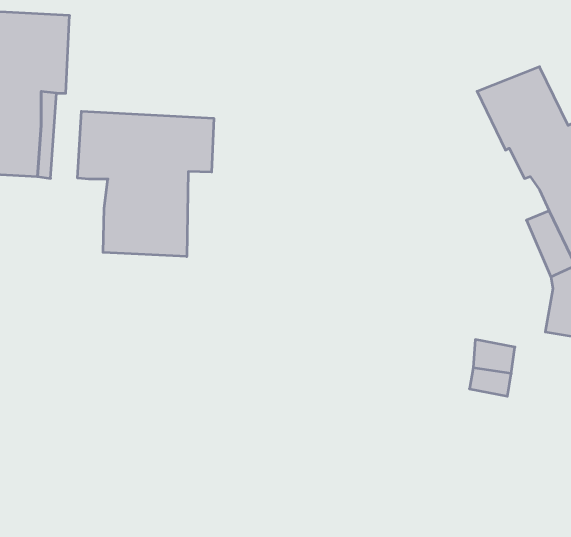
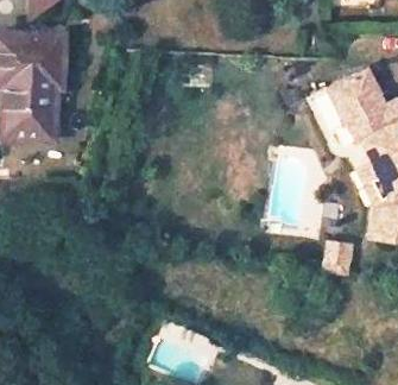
building: [78,111,214,257] -> none

